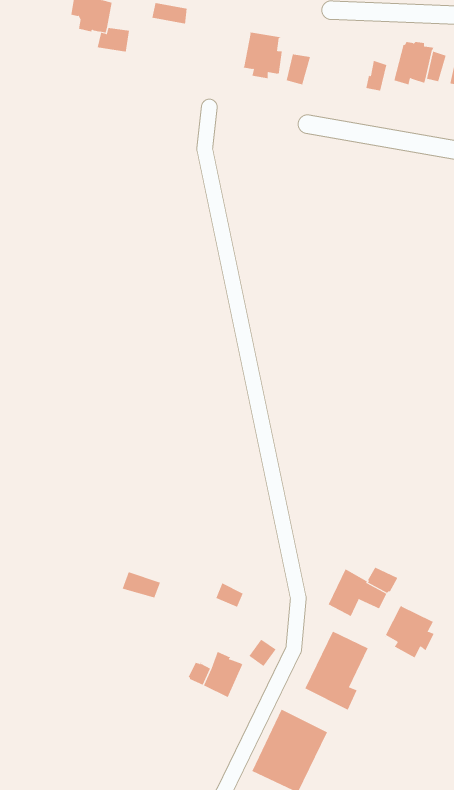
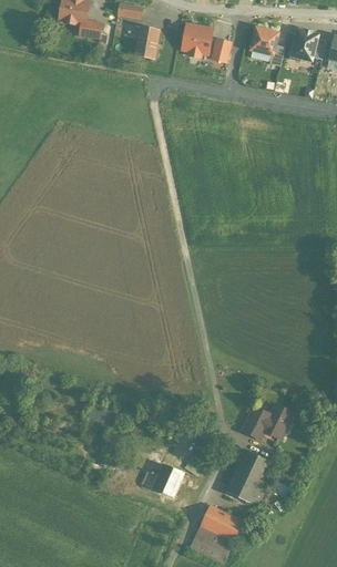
building: none -> [135,27,160,60]
building: none -> [251,28,278,55]
building: [384,605,434,658] -> none

